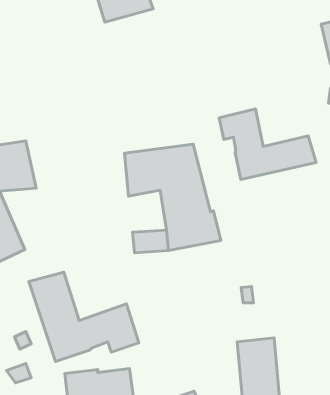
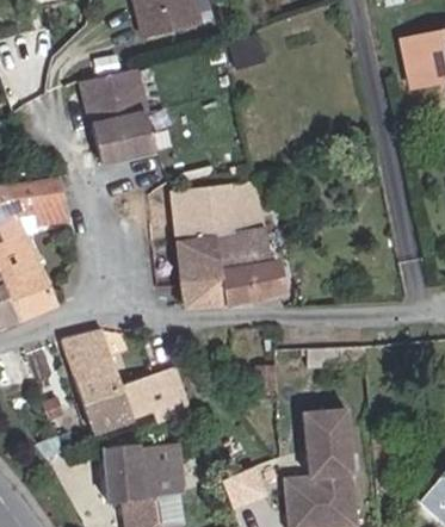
building: none -> [82,70,155,165]
building: [219,109,316,179] -> none
building: none -> [177,234,221,283]

